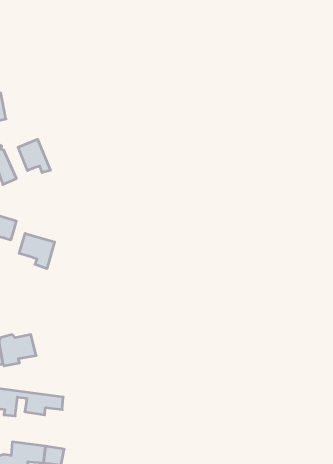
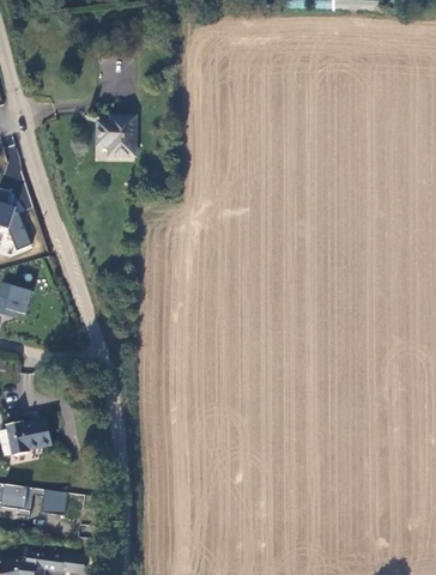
building: none -> [98,115,133,155]
building: [18,139,50,173] -> none
building: [19,233,55,269] -> none

